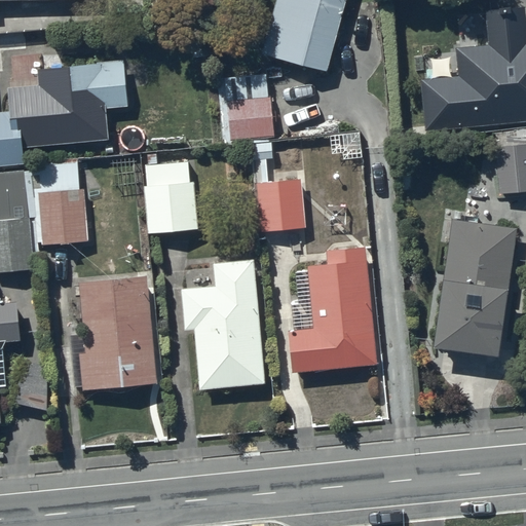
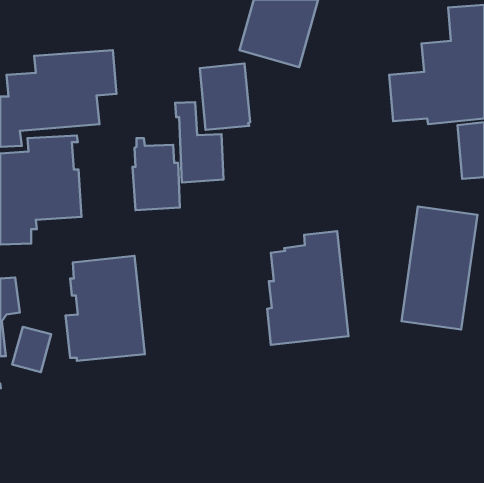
building: [253,146,305,233] -> [175,102,224,183]
building: [181,259,266,389] -> none

